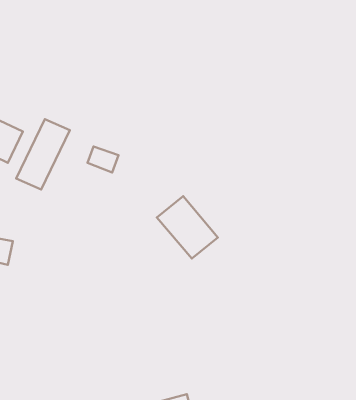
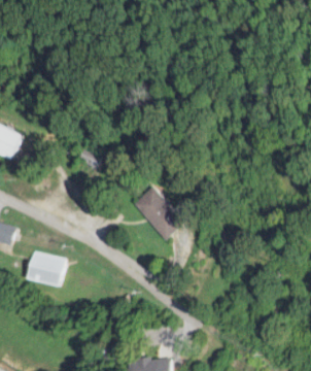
building: [16,119,70,189] -> none
building: none -> [27,254,63,284]

